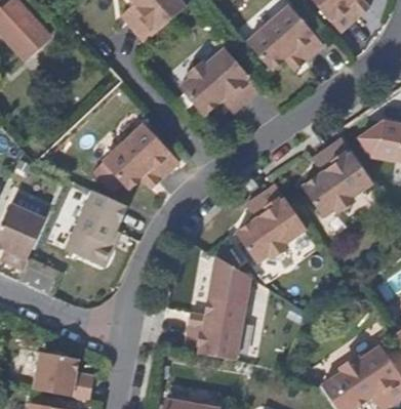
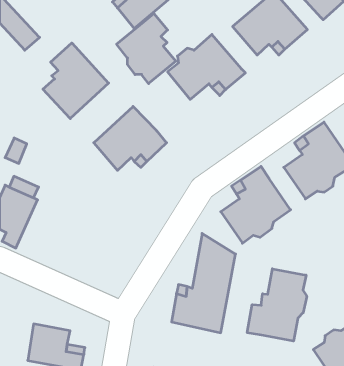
building: none -> [117,14,176,84]
building: none -> [43,43,109,119]
building: [61,188,129,270] -> none
building: none -> [247,269,307,341]

